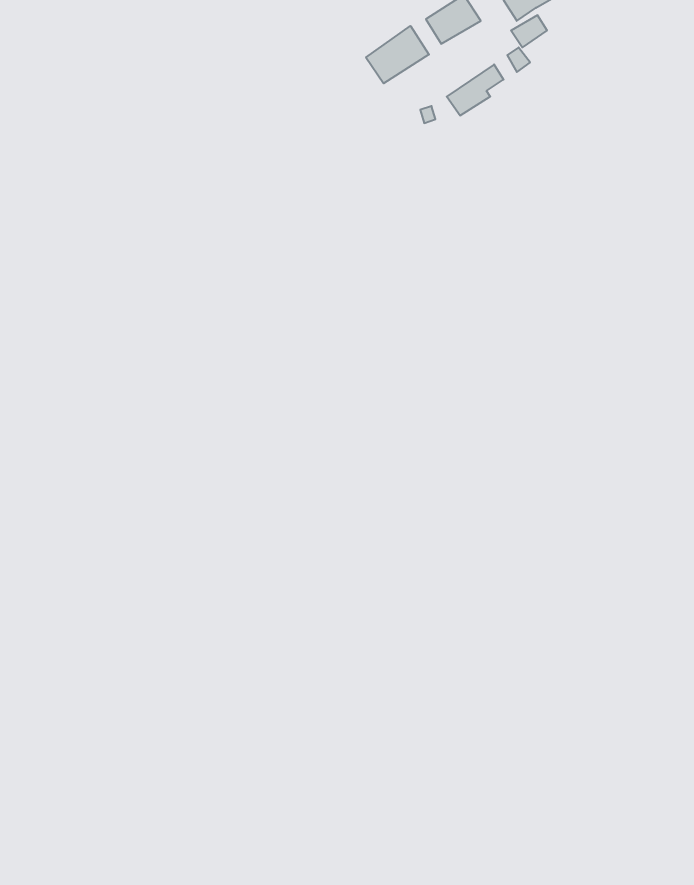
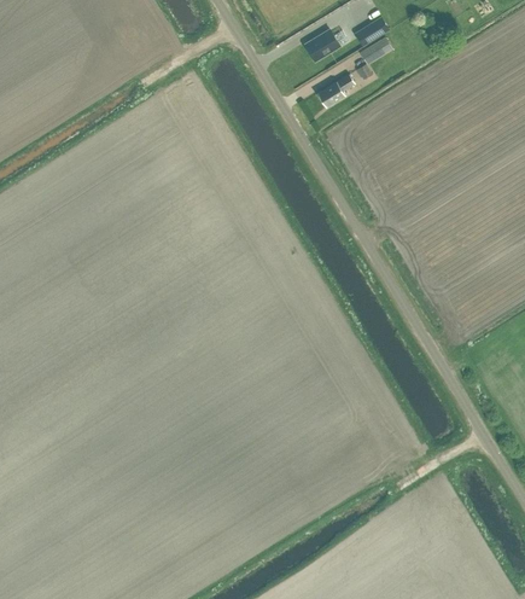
building: [366,26,429,83] -> none

